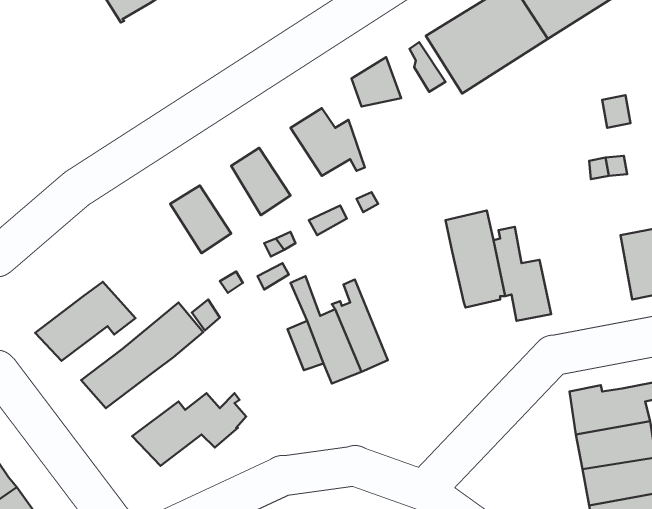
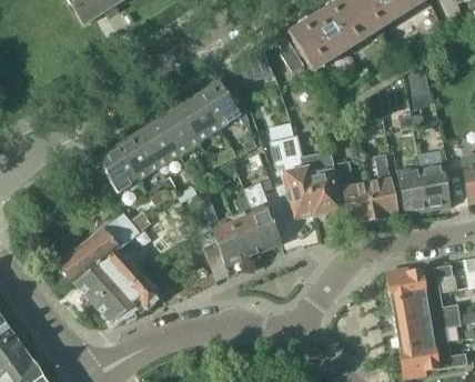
building: none -> [178,93,220,139]
building: none -> [138,119,179,164]
building: none -> [277,133,315,215]
building: none -> [97,144,139,191]
building: none -> [366,153,397,219]
building: none -> [397,165,428,212]
building: none -> [242,178,282,250]
building: [35,282,136,361] -> [74,248,142,301]

